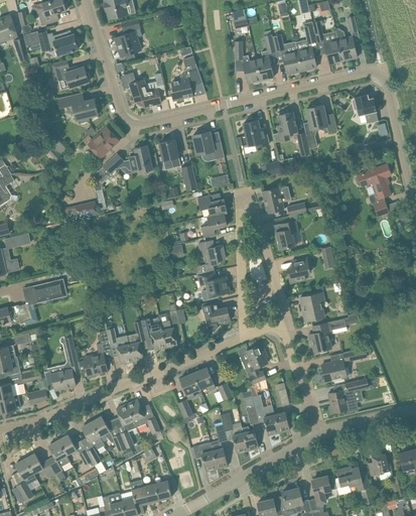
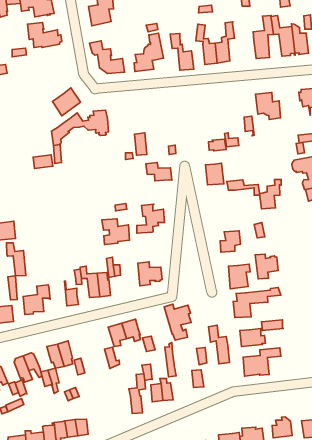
building: [272,34,302,74] -> [170,34,194,70]
building: [57,93,98,123] -> none
building: [277,112,297,141] -> none
building: [241,120,269,150] -> none
building: [193,131,225,161] -> none
building: [159,139,181,167] -> none
building: [201,213,228,238] -> none
building: [276,215,298,249] -> [260,179,281,209]
building: [197,271,230,300] -> [102,219,129,244]
building: none -> [255,254,278,279]
building: [107,329,132,364] -> [7,243,26,276]
building: [252,394,279,435] -> [209,325,229,364]
building: [193,442,217,472] -> none

